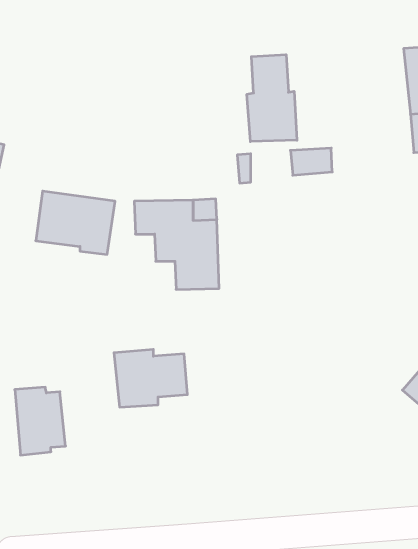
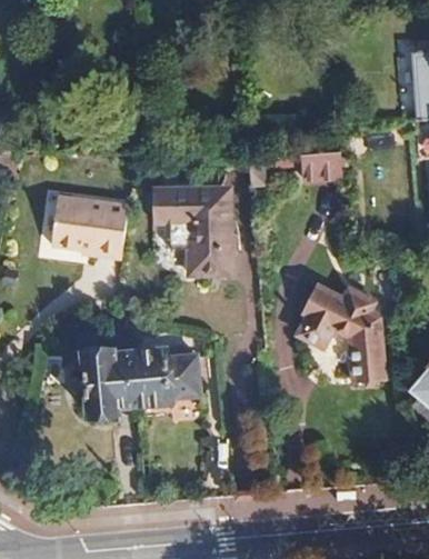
building: [247,55,297,142] -> none
building: none -> [297,272,386,383]
building: [15,387,66,455] -> [83,348,133,415]

